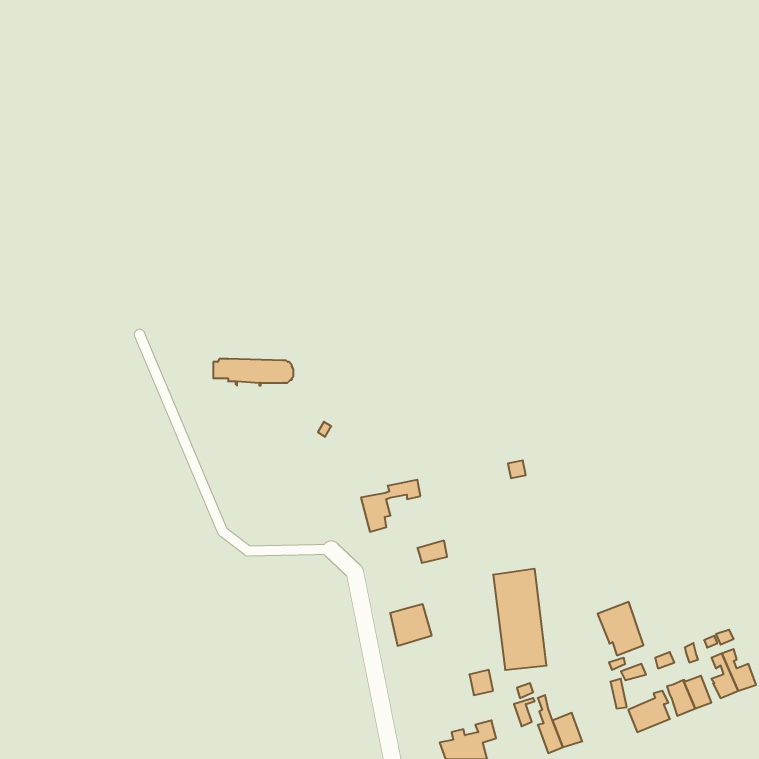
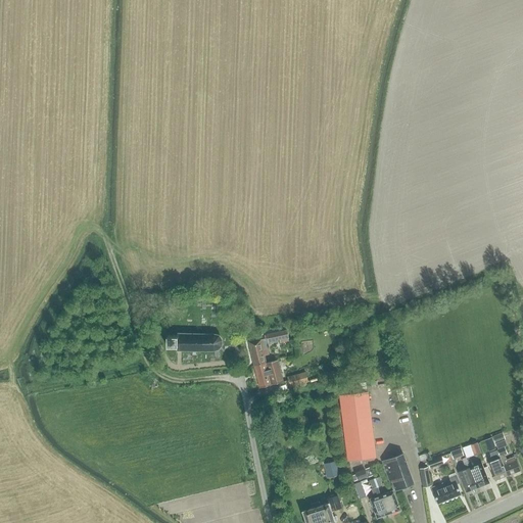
building: [213,359,293,386] -> [167,333,222,351]
building: [598,602,644,655] -> [382,454,414,490]
building: [390,604,432,646] -> [254,360,283,388]

